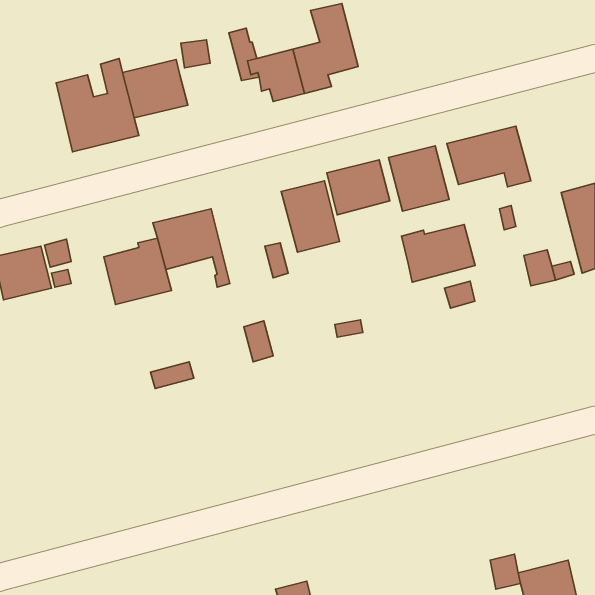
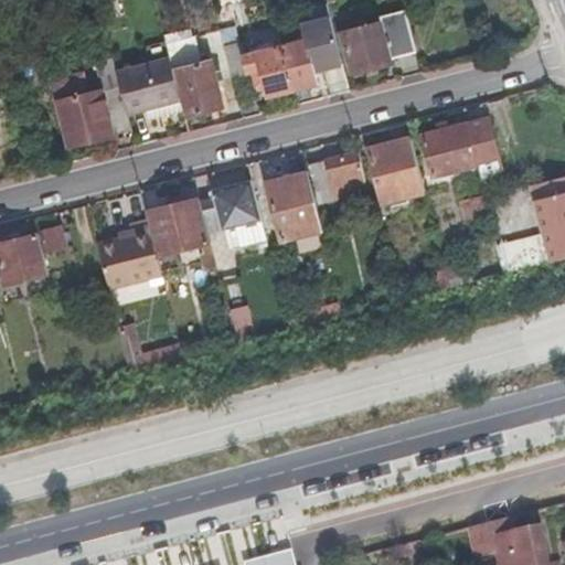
building: none -> [337,9,412,75]
building: none -> [170,62,220,117]
building: none -> [211,180,263,232]
building: [401,225,475,282] -> none

